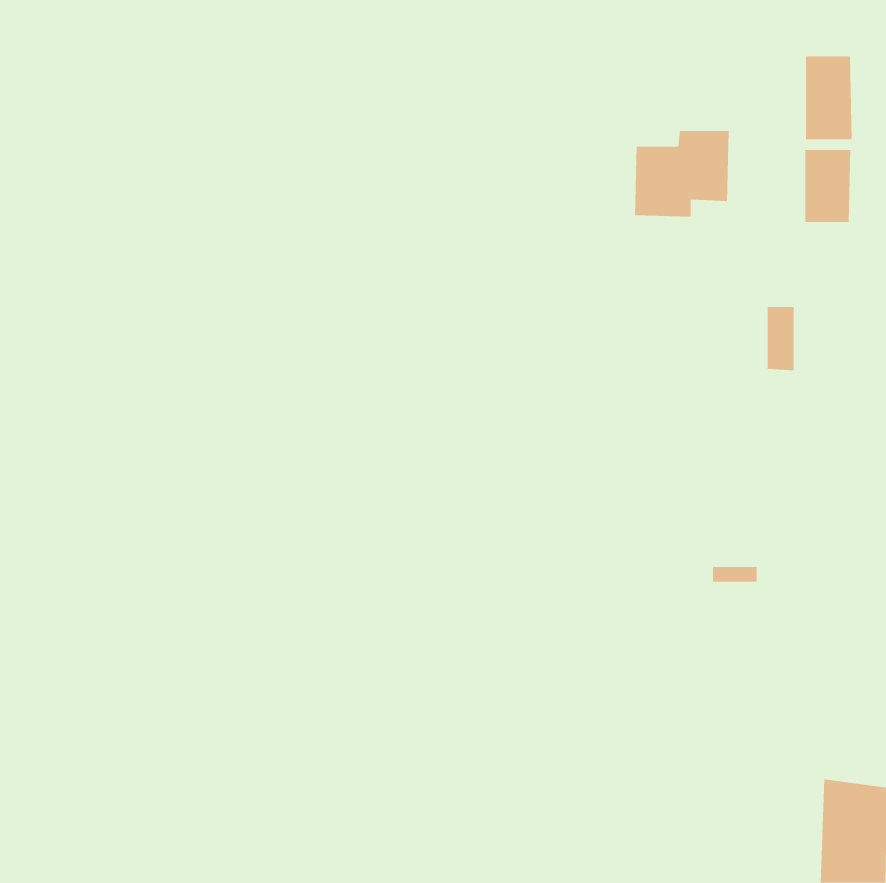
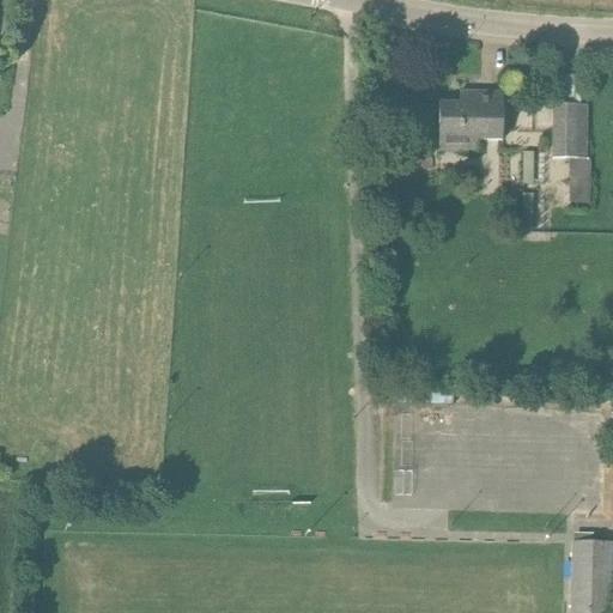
building: [805,55,852,140] -> none
building: [767,307,795,371] -> [570,156,589,200]

